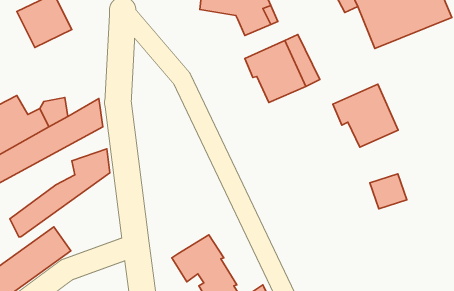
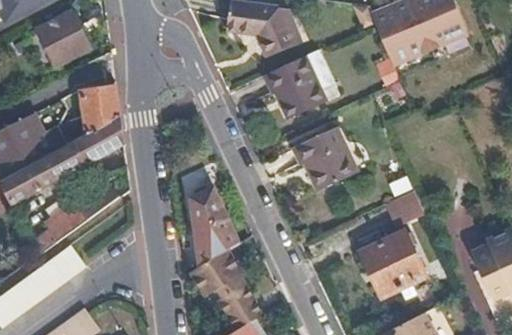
building: none -> [80,84,118,133]
building: [333,84,398,147] -> [290,125,355,188]
building: none -> [187,186,238,270]
building: none -> [361,231,428,297]

